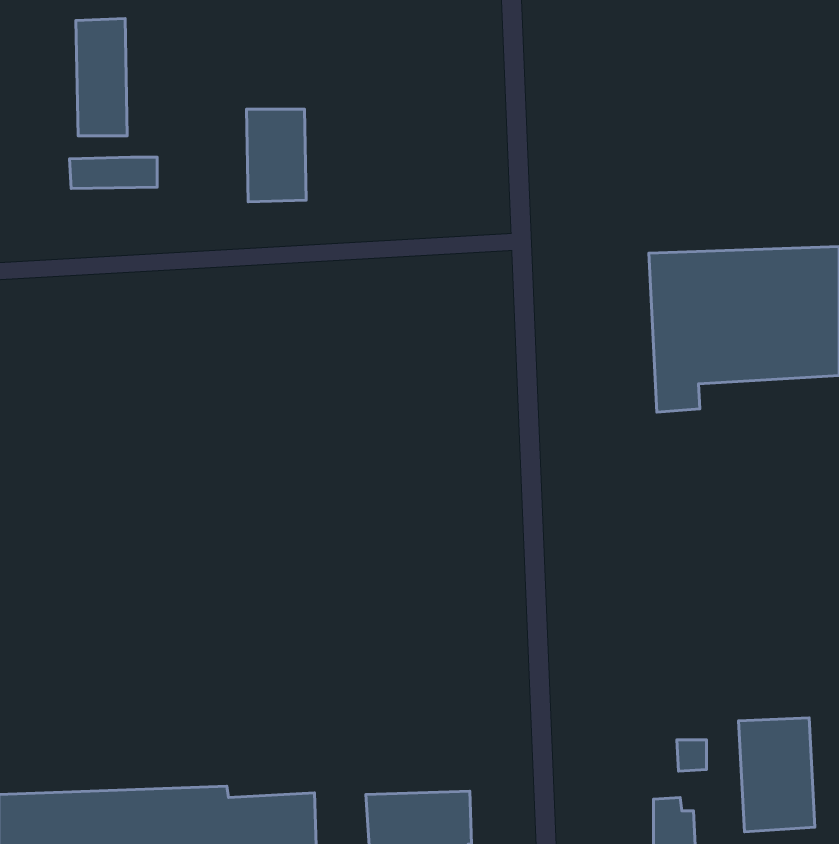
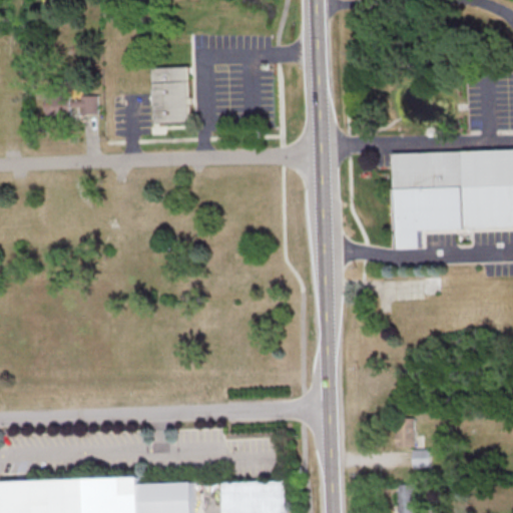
building: [76,18,127,136] -> none
building: none -> [394,418,413,447]
building: [738,718,815,832] -> none

